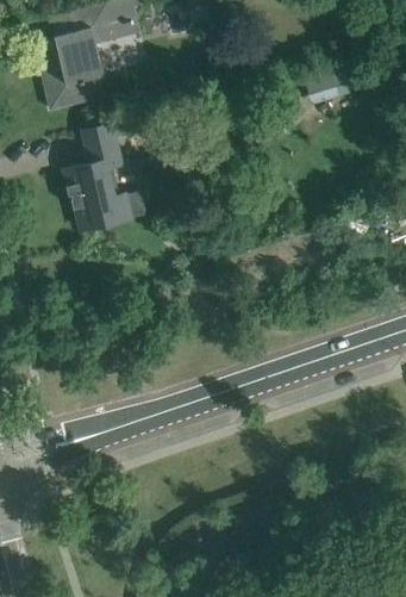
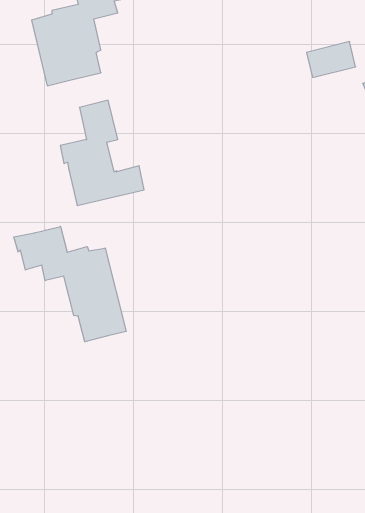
building: none -> [14,226,126,342]

